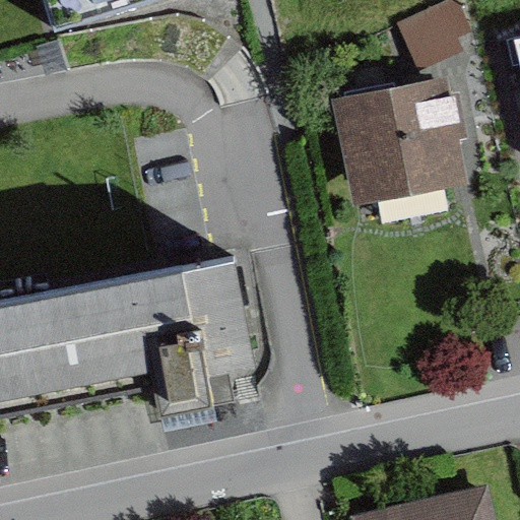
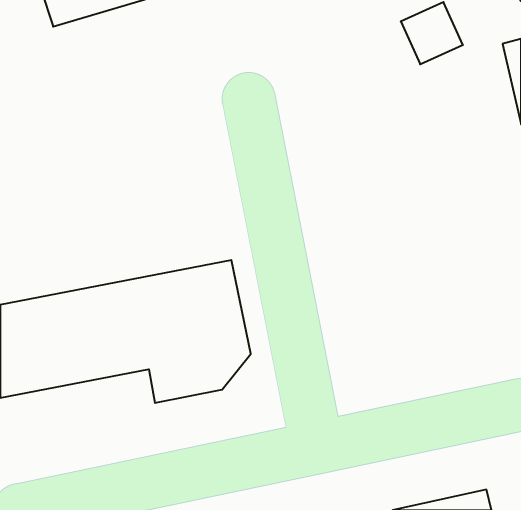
building: [337,78,467,199] -> none

